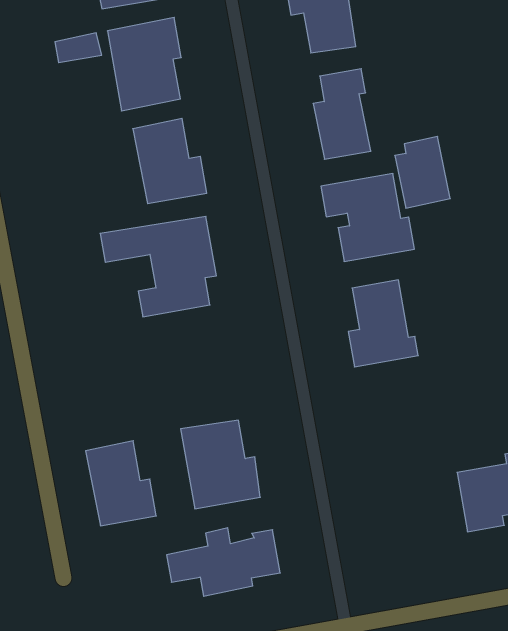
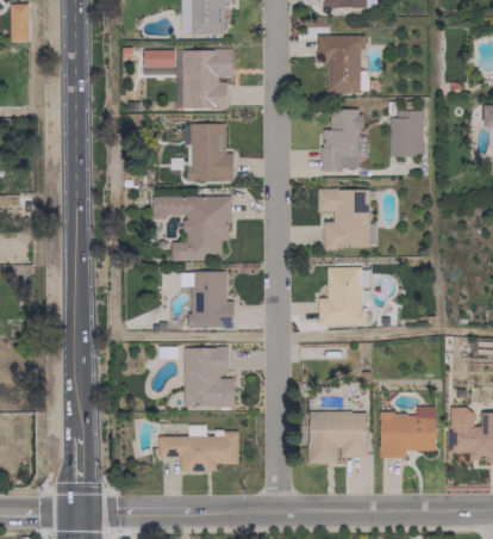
building: [395,136,450,208] -> [388,110,423,157]
building: [86,441,156,526] -> [191,271,233,328]
building: none -> [307,411,367,464]

